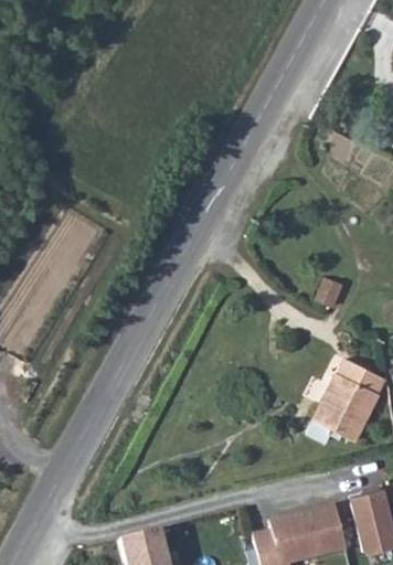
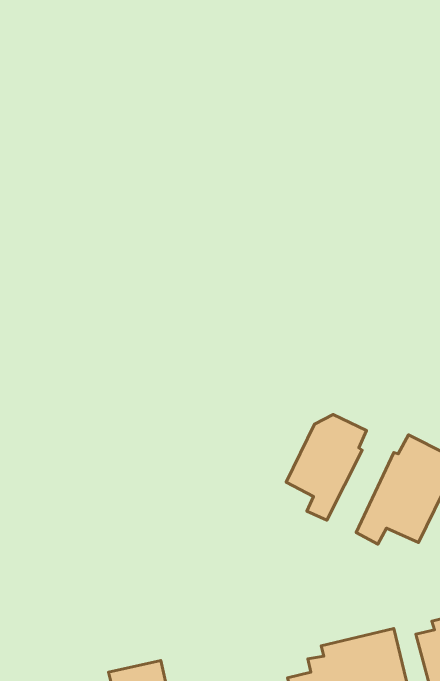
building: none -> [286,414,367,520]

